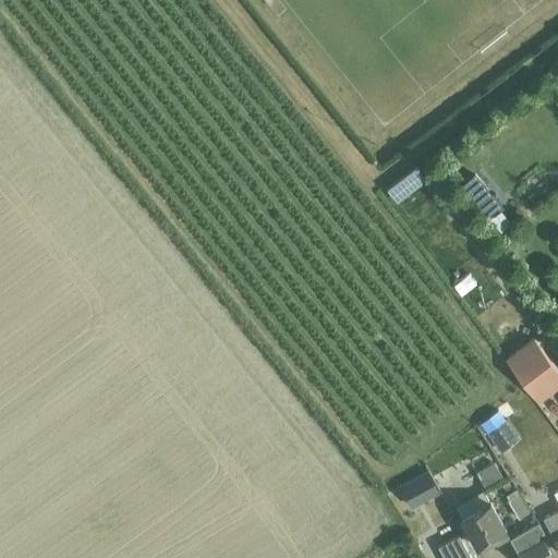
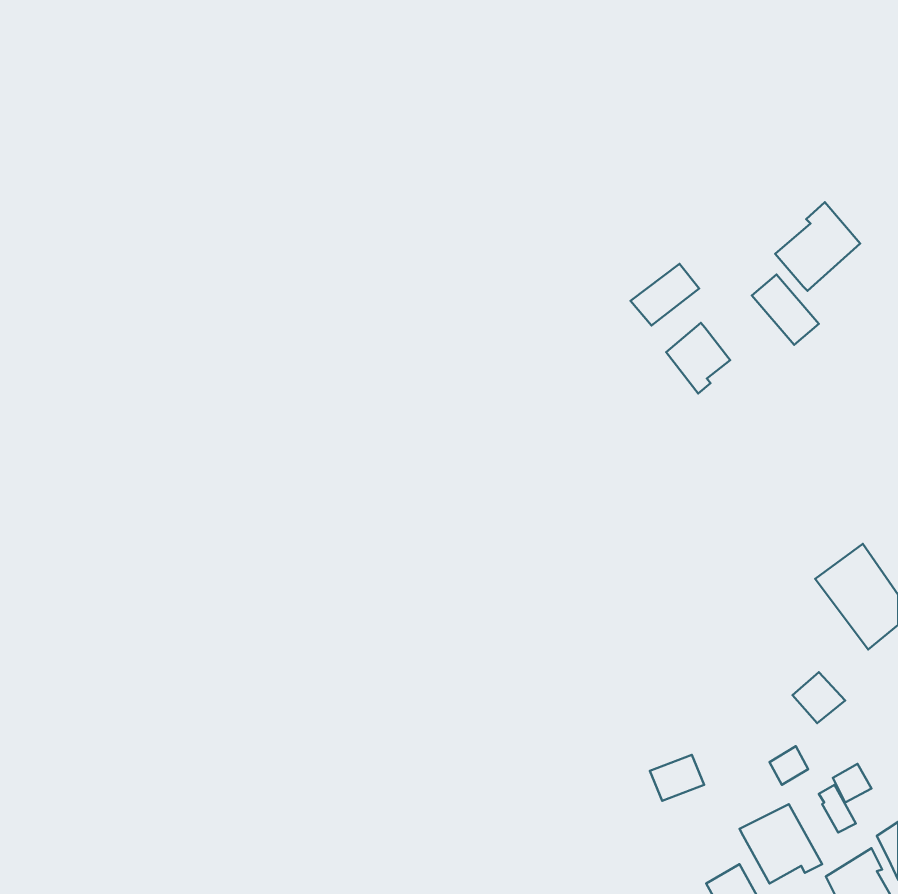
building: none -> [775,202,860,291]
building: none -> [666,323,730,394]

